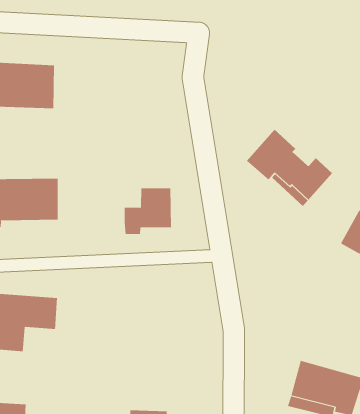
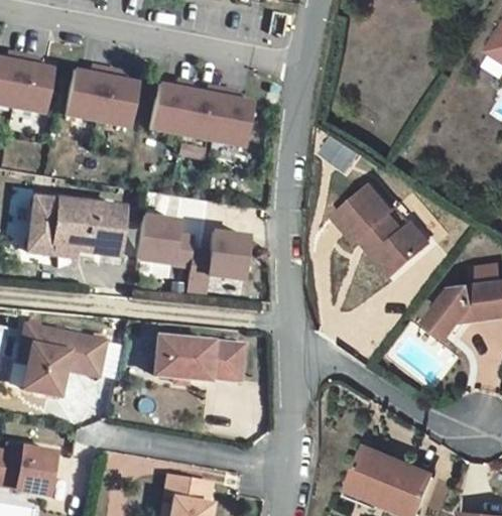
building: none -> [147,84,254,148]
building: none -> [137,215,195,265]
building: none -> [154,336,244,379]

